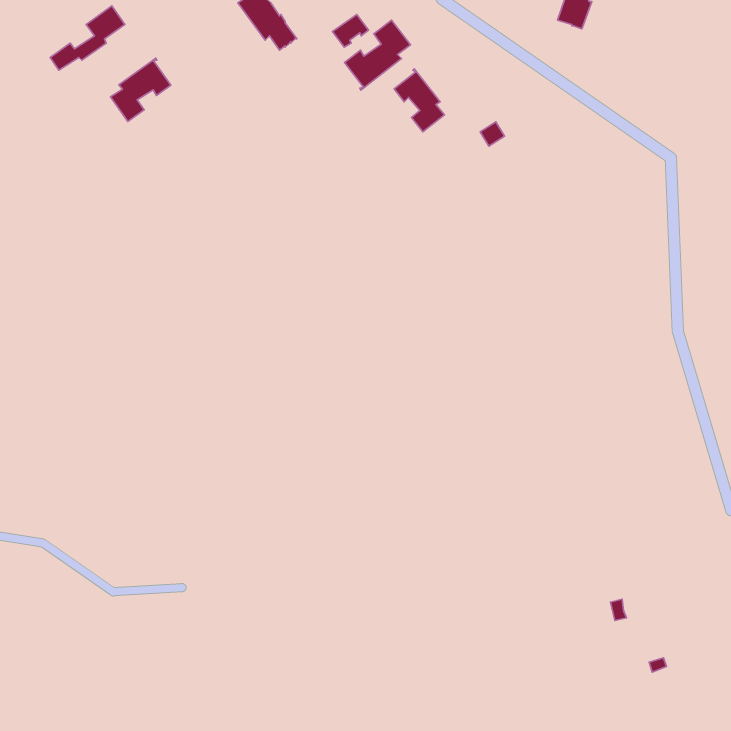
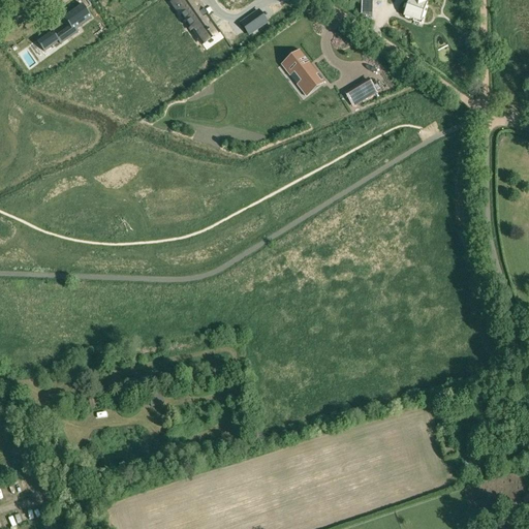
building: [345,20,410,90] -> none
building: [111,58,171,121] -> none

